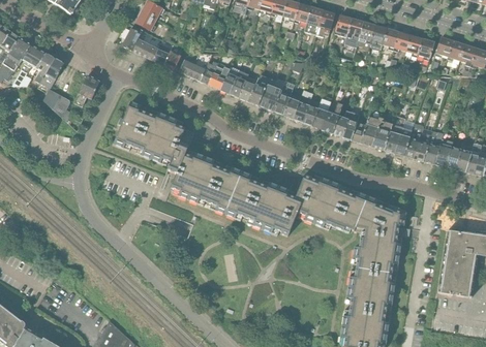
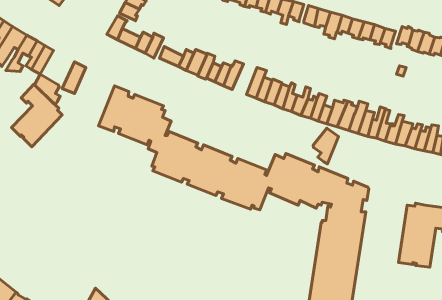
building: [257,77,283,111] -> none
building: none -> [12,84,62,147]
building: none -> [313,128,339,164]

